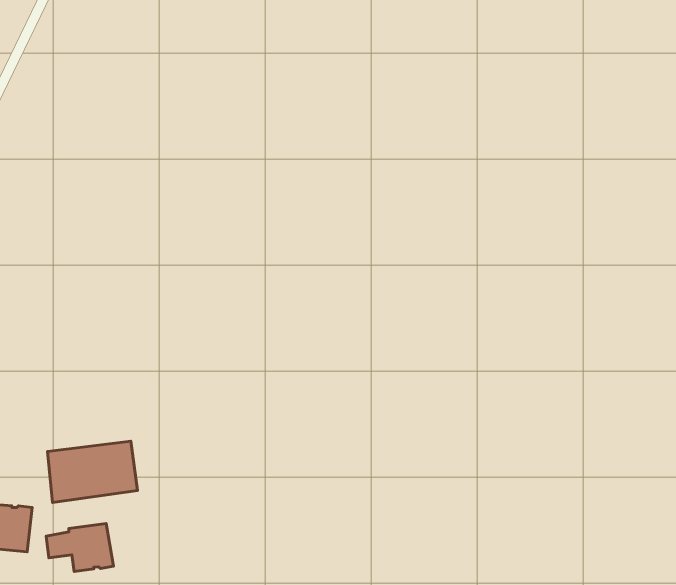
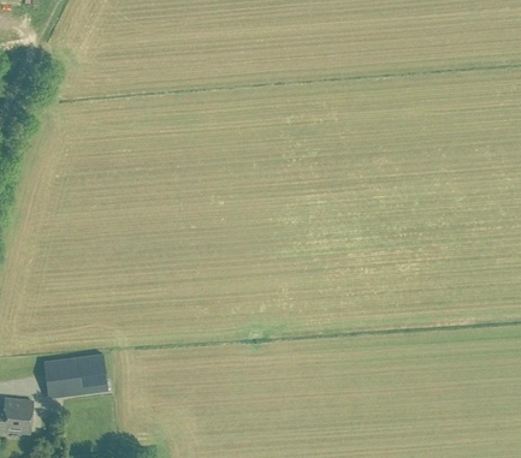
building: [46,523,113,571] -> none

